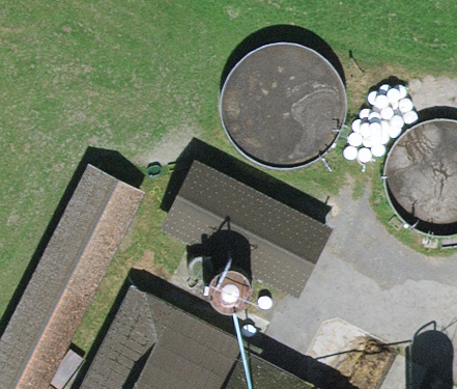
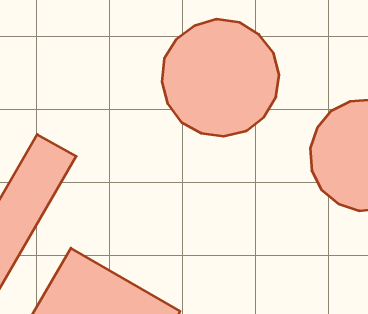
building: [168,164,349,286] -> none

